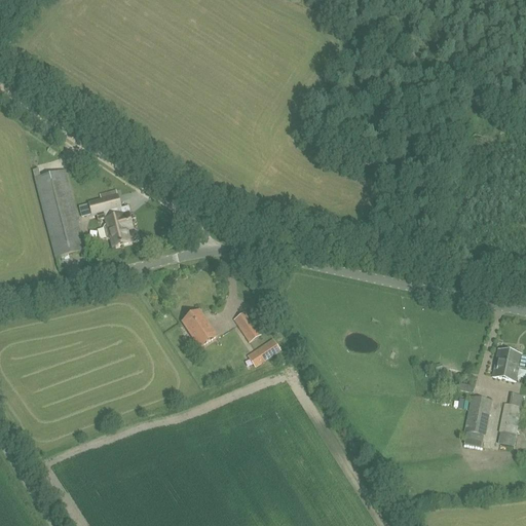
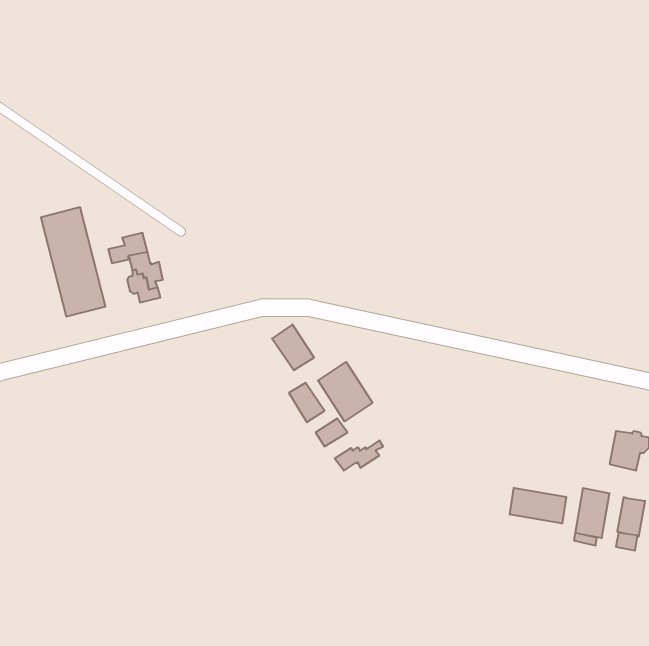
building: none -> [318,362,372,421]
building: [182,308,216,345] -> [272,324,314,370]
building: none -> [335,440,383,471]
building: none -> [510,488,566,524]

